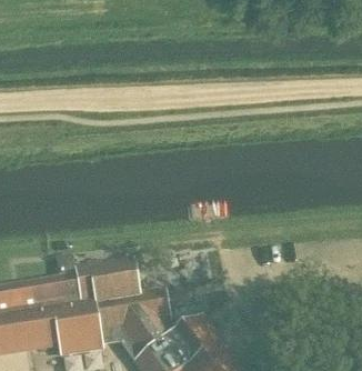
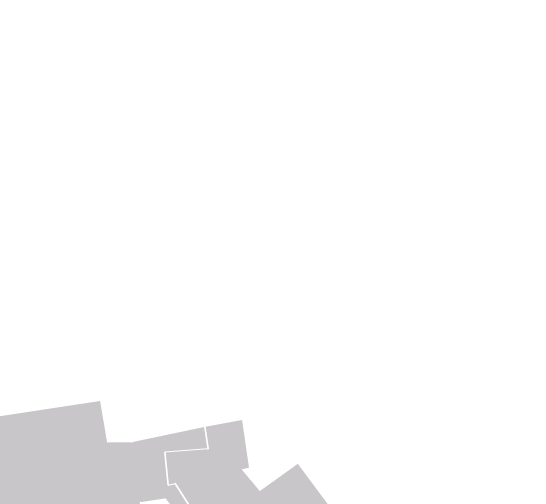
building: [74,258,142,303] -> none

